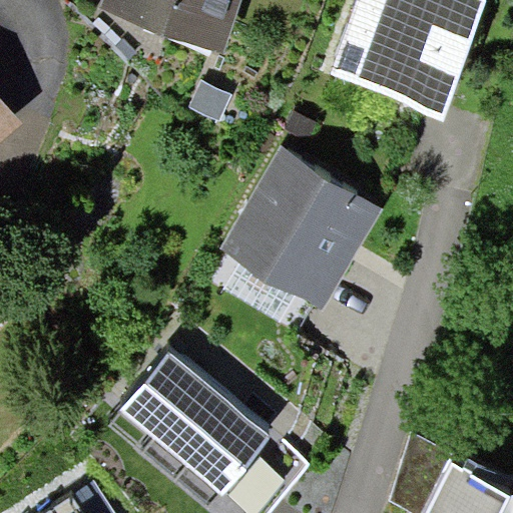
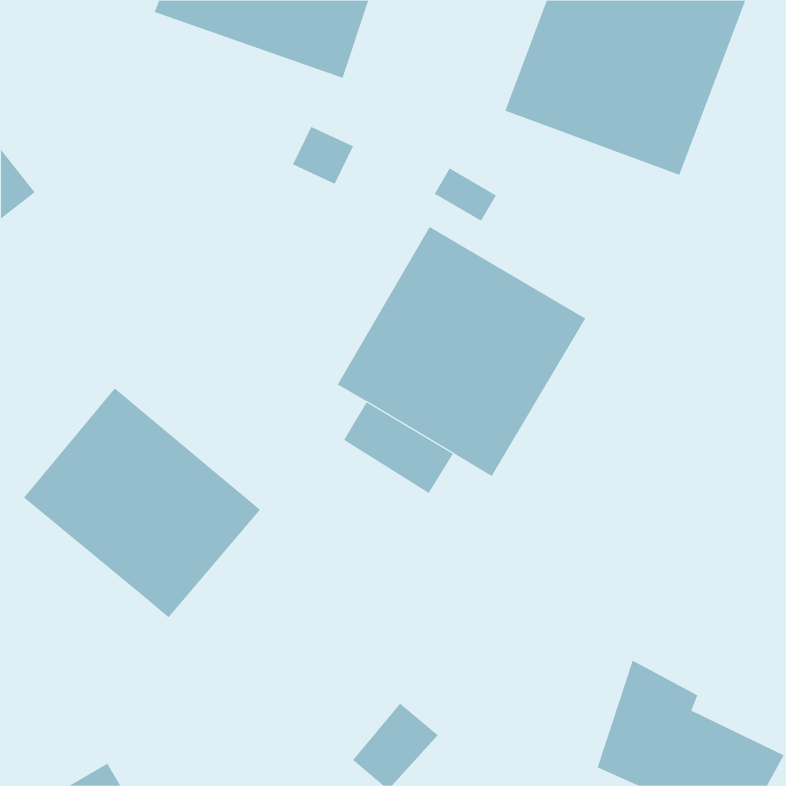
building: none -> [23,388,261,618]
building: [121,352,272,494] -> none

